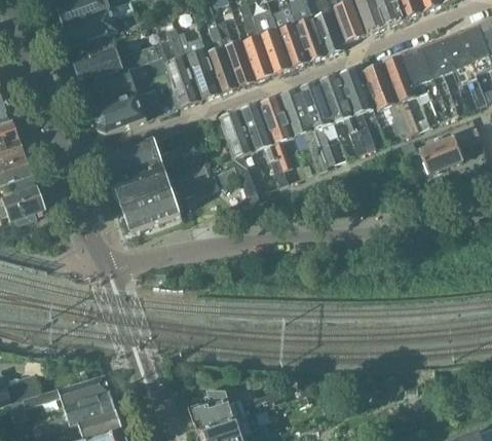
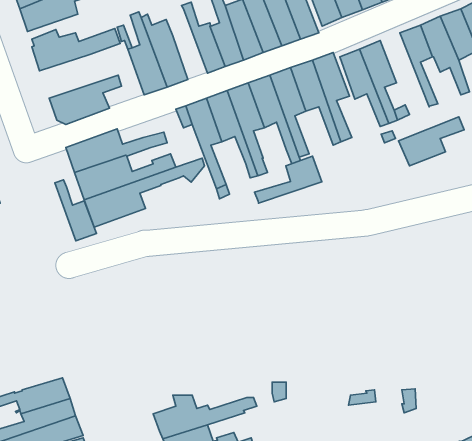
building: [205,26,238,93] -> none
building: [401,48,447,121] -> none
building: [80,69,164,110] -> none
building: none -> [254,156,322,203]
building: none -> [55,180,97,241]

